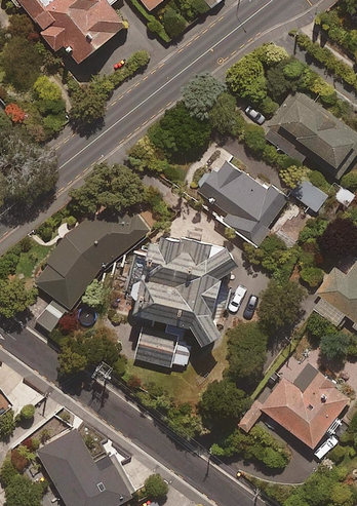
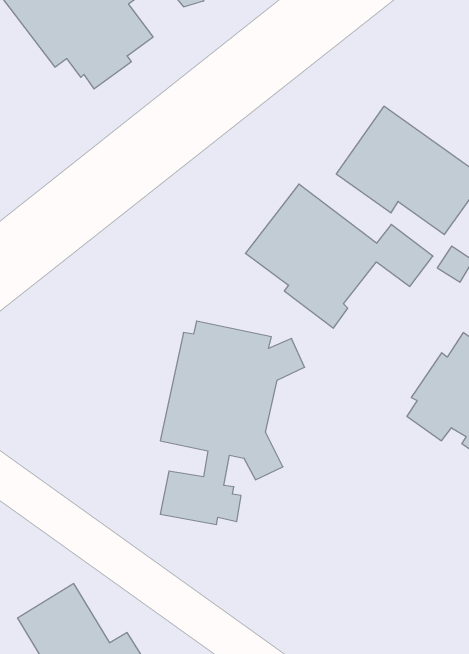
building: [33,195,148,335] -> none
building: [236,356,350,446] -> none

